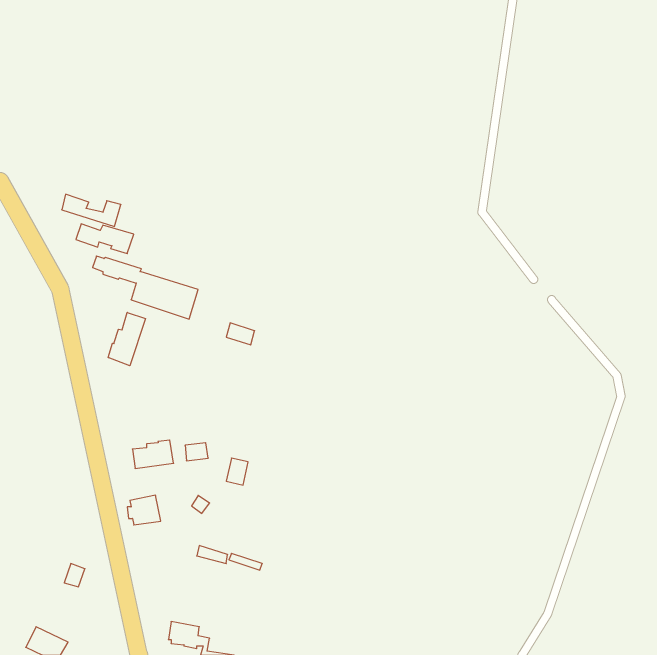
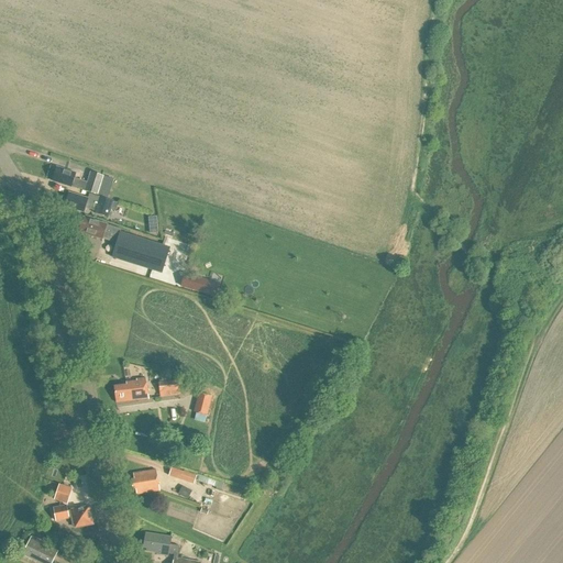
building: [108,312,146,366] -> none
building: [127,495,161,525] -> [131,467,159,493]
building: none -> [52,505,93,526]

